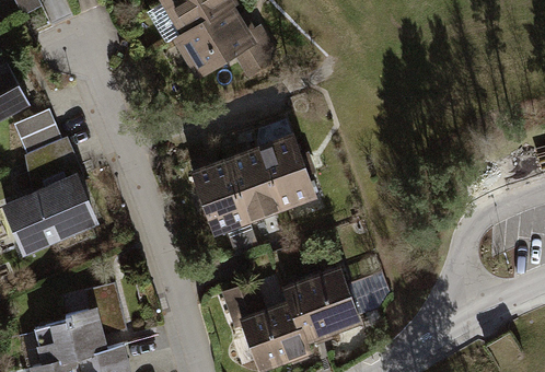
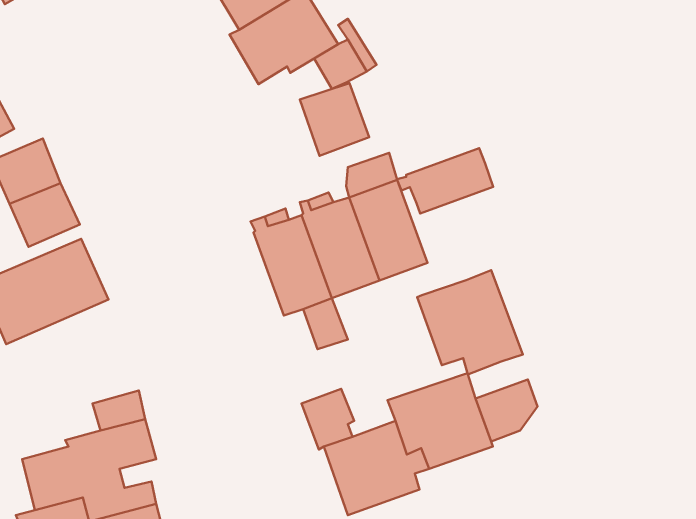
building: none -> [300,83,369,156]
building: none -> [397,148,493,213]
building: none -> [417,270,523,374]

